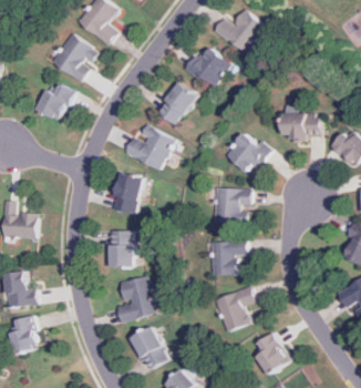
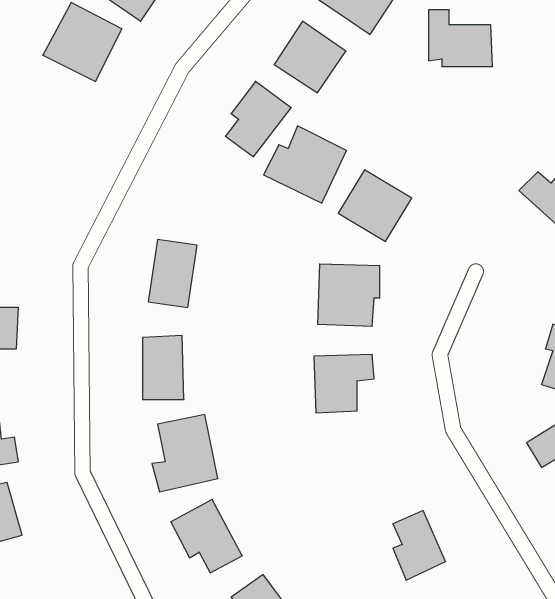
building: [37,84,73,120] -> none
building: [282,105,320,139] -> [429,10,493,66]
building: [124,124,173,170] -> [264,126,346,203]
building: [214,287,255,331] -> none

